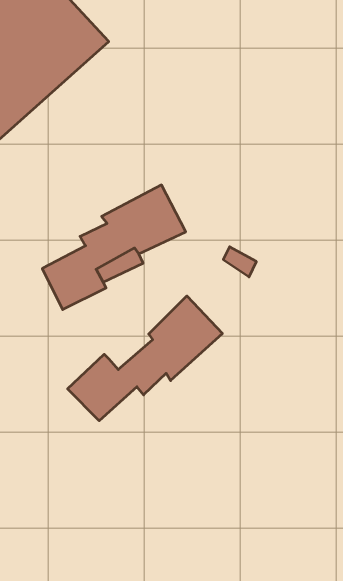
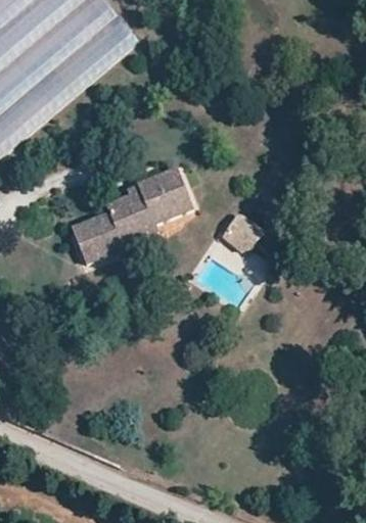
building: [68,296,222,421] -> none

